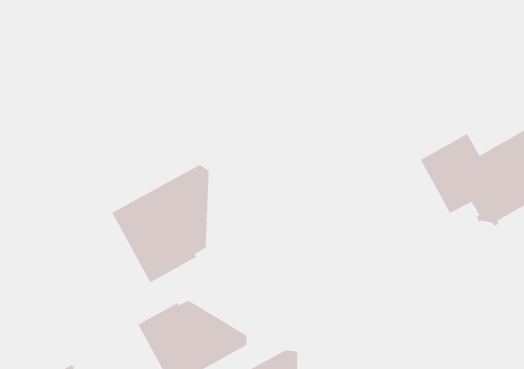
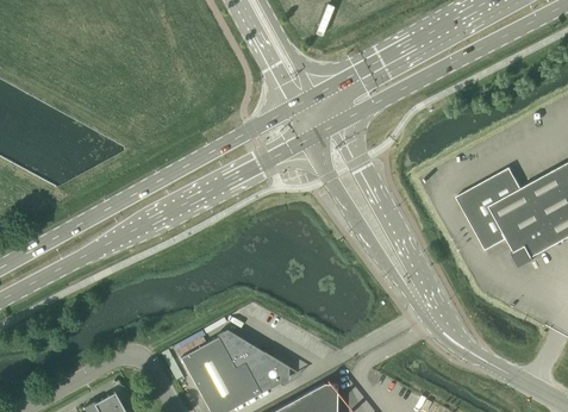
building: [111,164,209,283] -> none

